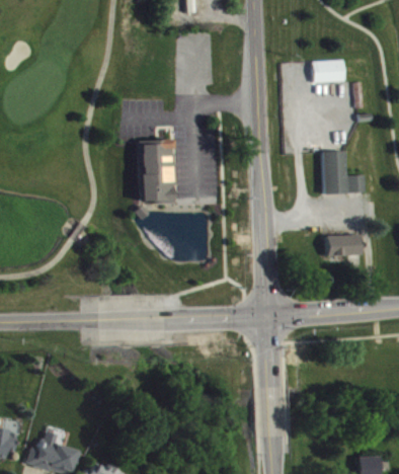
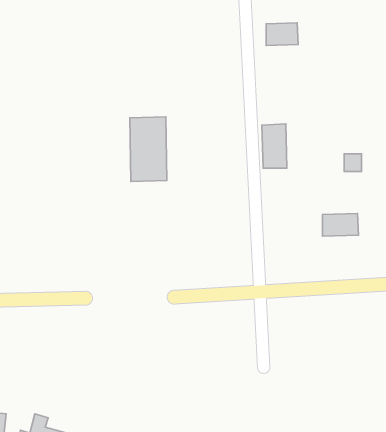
building: [313,60,344,82] -> [266,23,298,46]
building: [322,150,346,193] -> [262,124,287,168]

